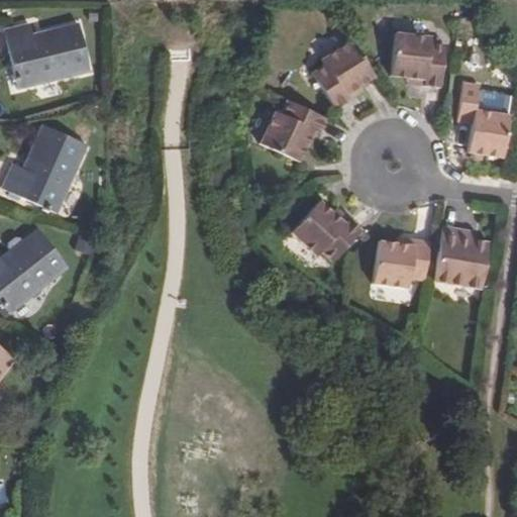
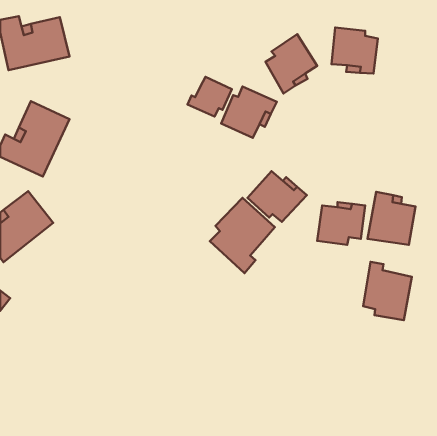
building: [458,83,510,159] -> none
building: none -> [187,77,232,117]
building: none -> [210,198,275,273]
building: none -> [363,262,412,320]

